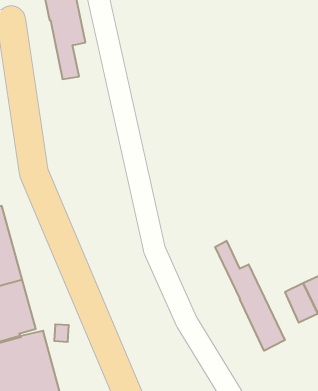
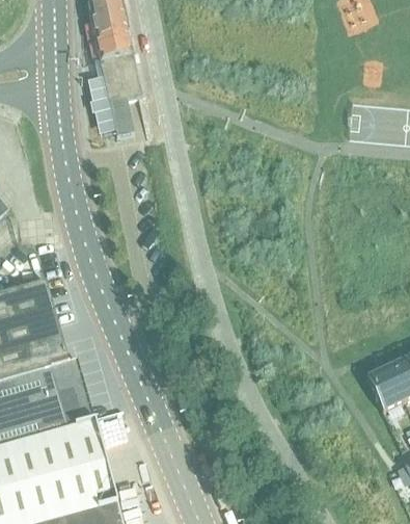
building: [215,241,285,351] -> none

